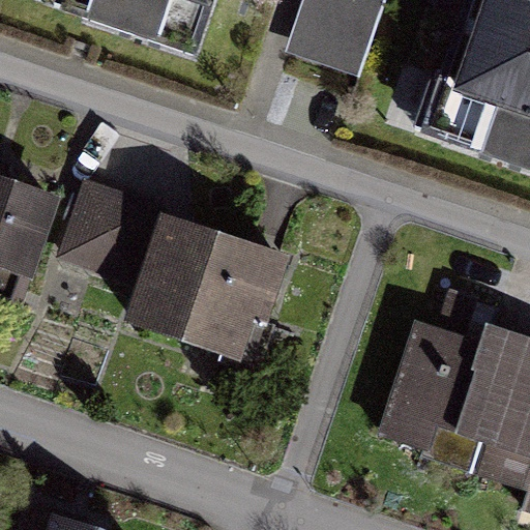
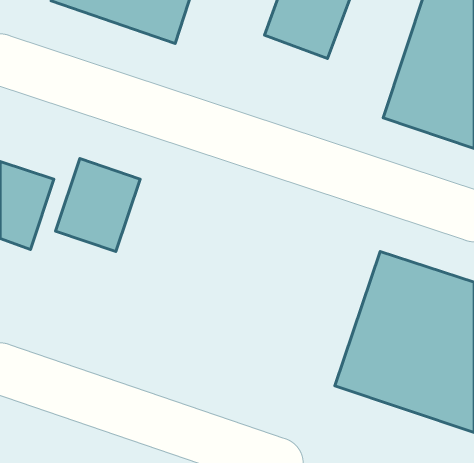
building: [126,217,291,367] -> none

